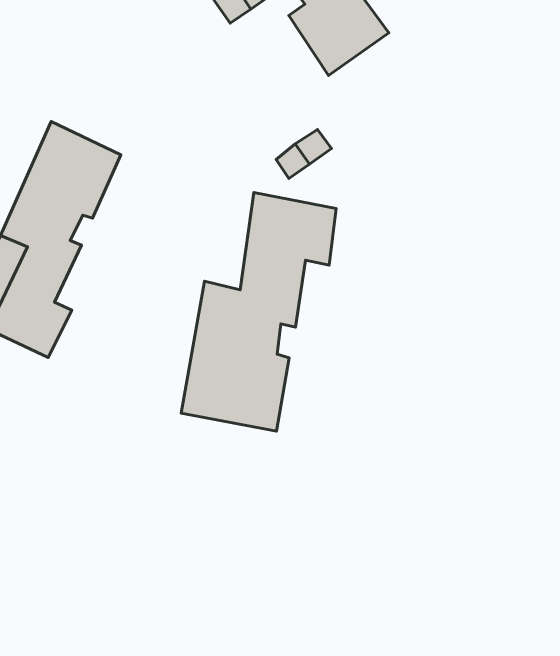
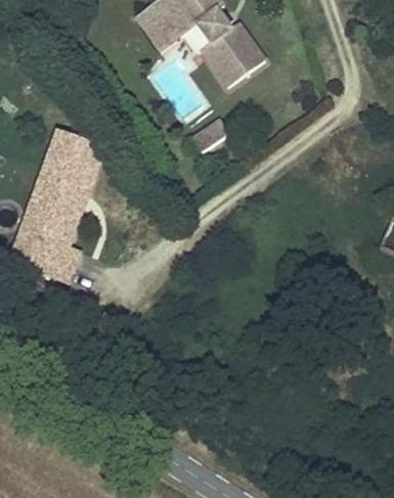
building: [181,193,336,431] -> none

